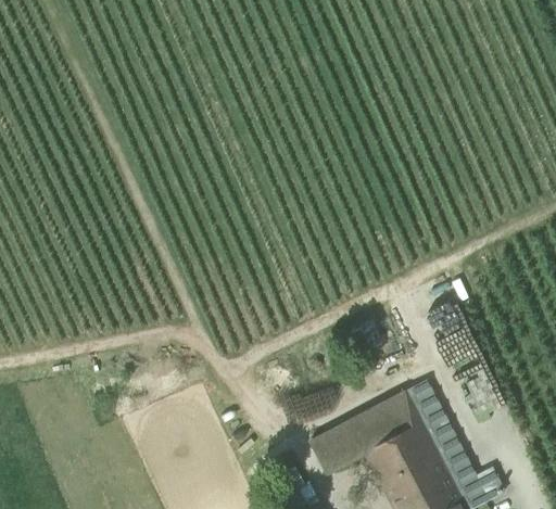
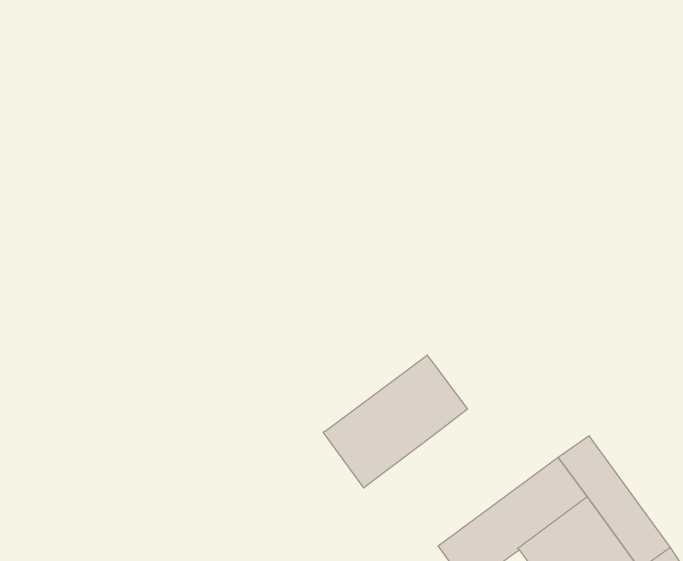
building: none -> [323,355,467,488]

